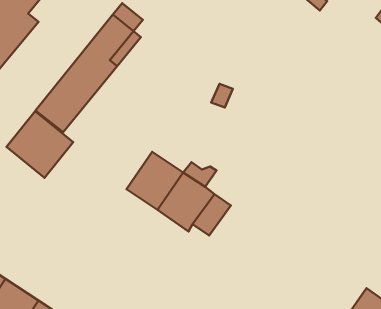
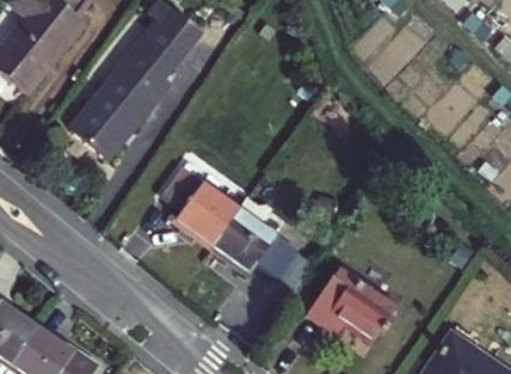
building: [6,111,73,178] -> none
building: none -> [160,163,207,213]
building: none -> [309,266,398,342]

